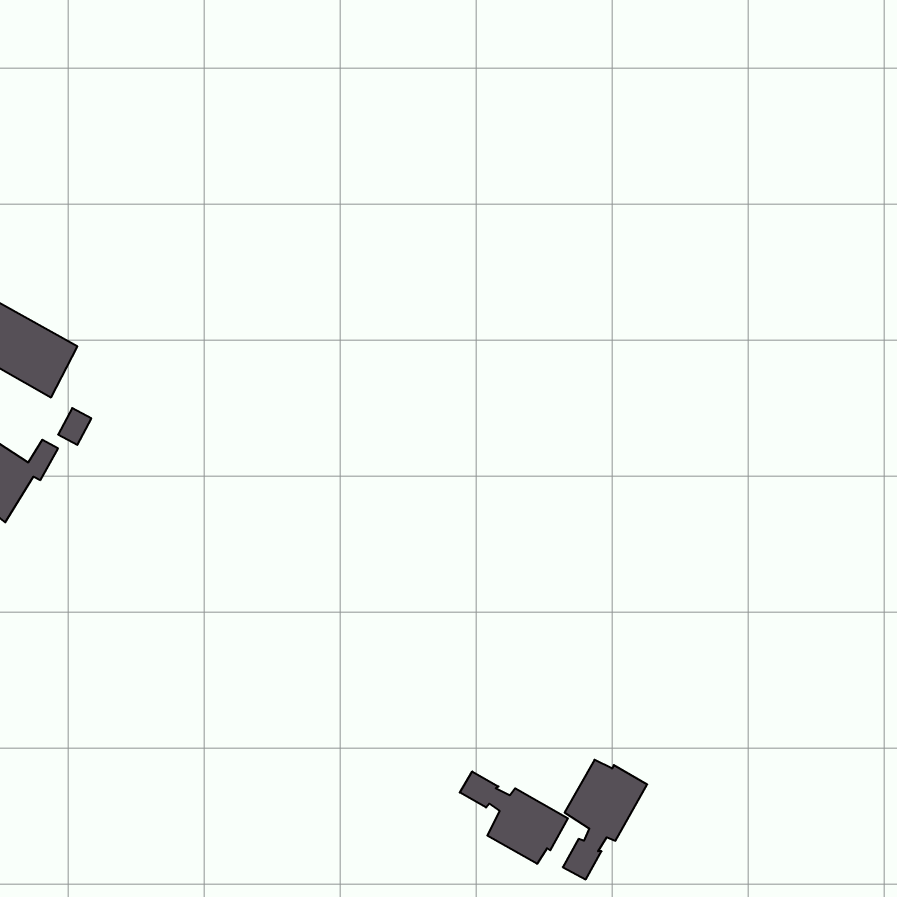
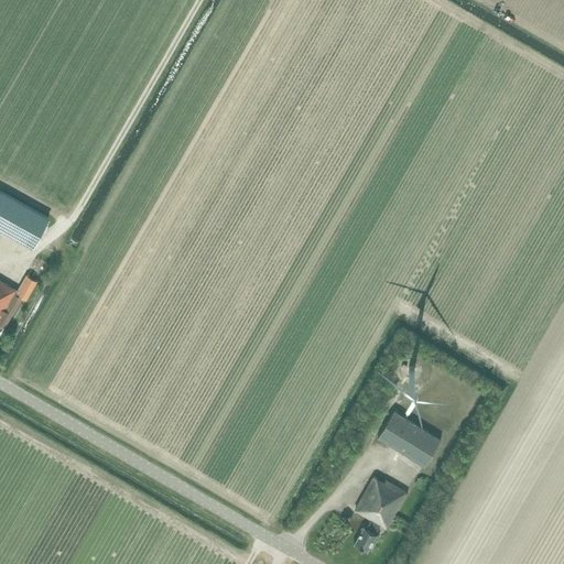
building: none -> [377,411,440,467]
building: [460,771,568,864] -> none

